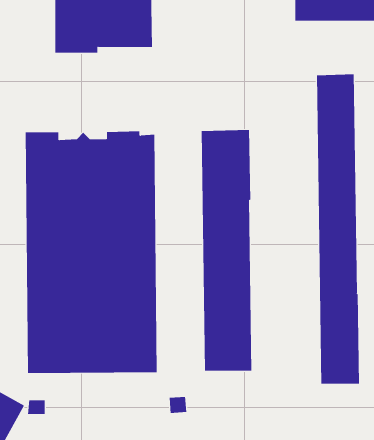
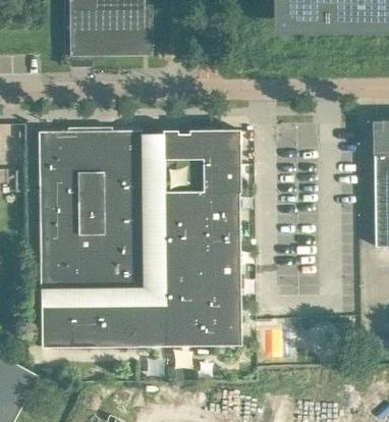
building: [316,73,359,384] -> none
building: none -> [154,129,198,346]

